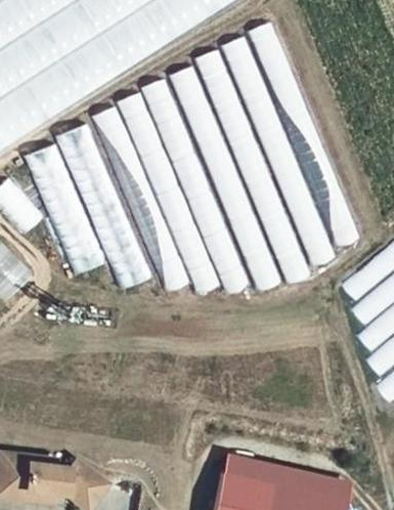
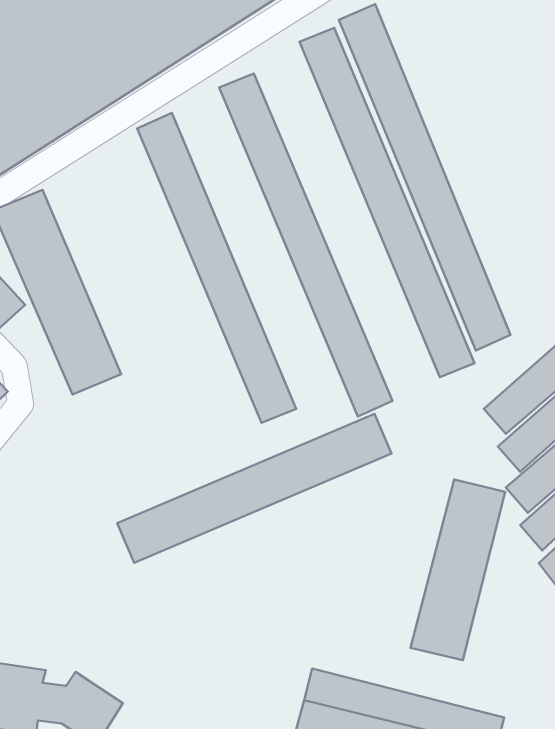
building: [195,48,312,284] -> none
building: [141,78,253,295] -> none
building: [92,107,189,292] -> none
building: [55,123,155,291] -> none
building: none -> [117,414,391,563]
building: none -> [411,479,505,660]

